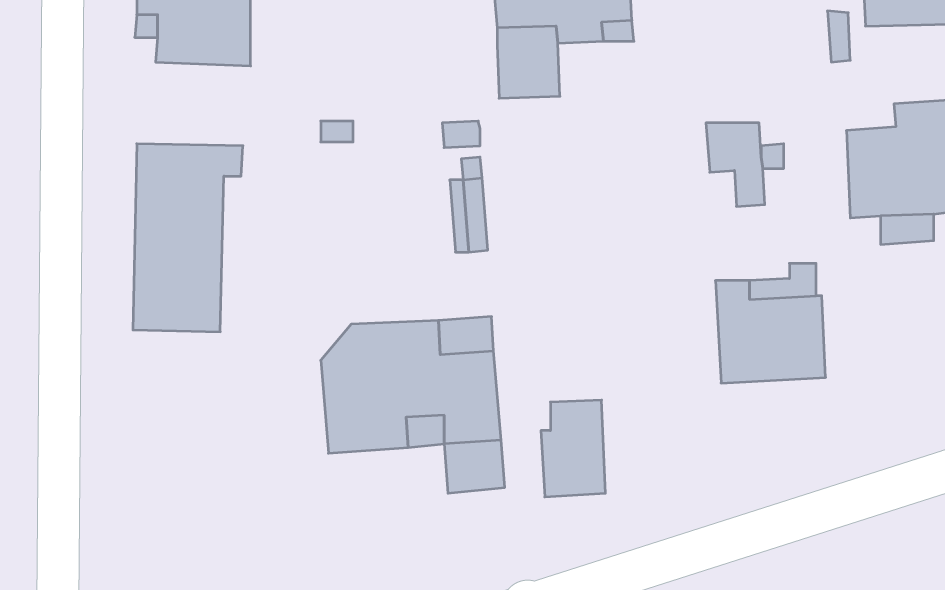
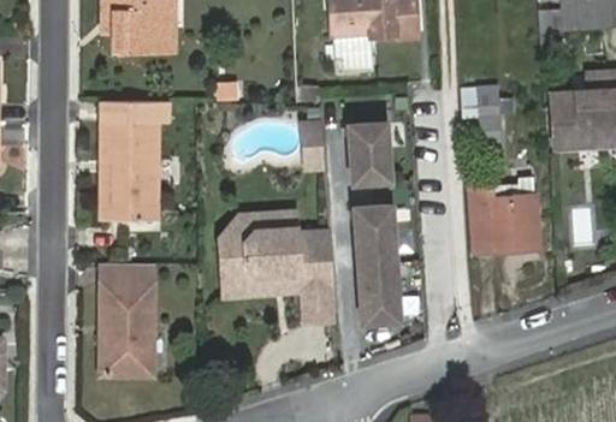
building: none -> [349,121,391,183]
building: none -> [354,203,396,263]
building: none -> [100,262,153,373]

